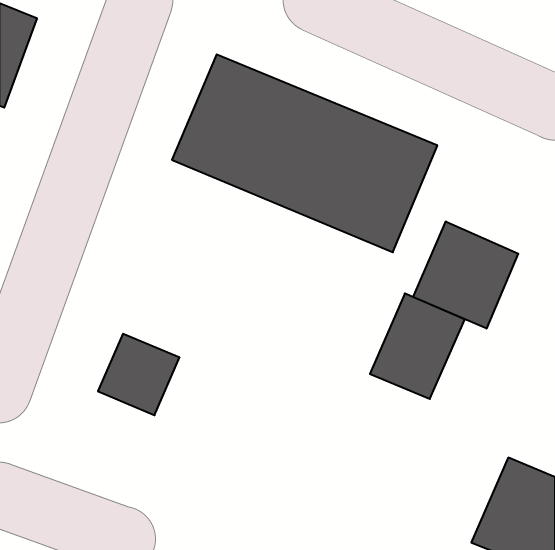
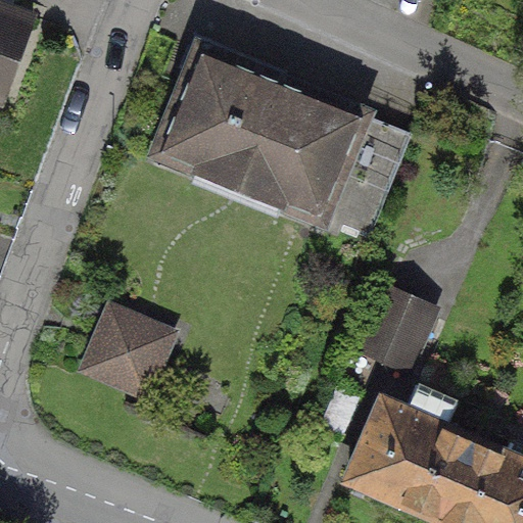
building: [413,221,518,329] -> none
building: none -> [340,391,477,515]

